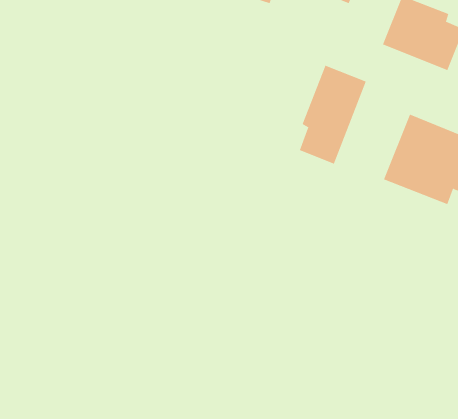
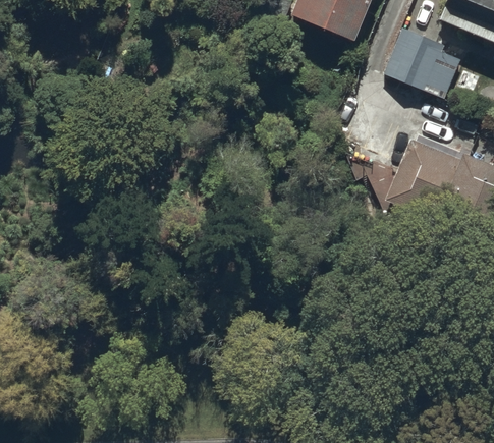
building: [299,65,367,164] -> none

